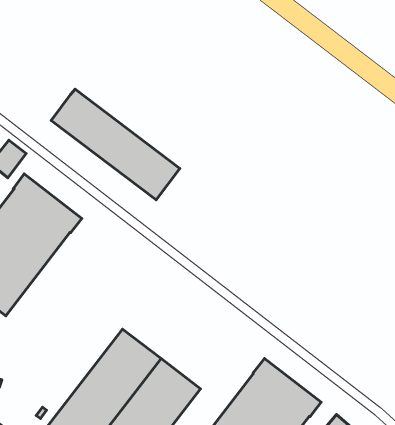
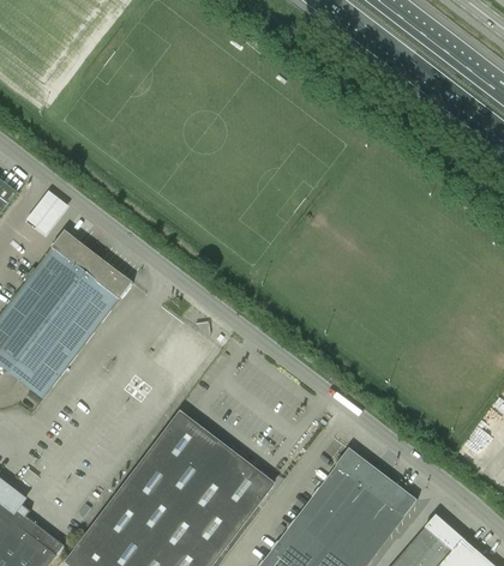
building: [51,89,180,200] -> none

